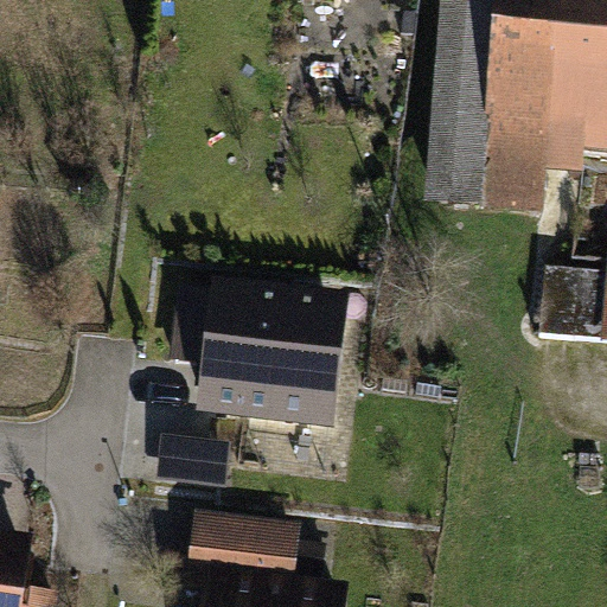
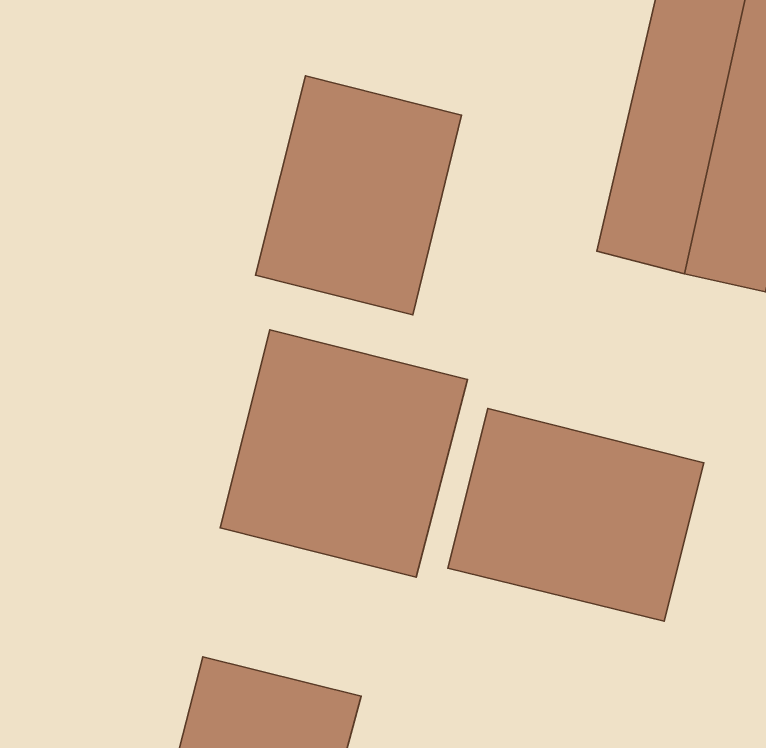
building: none -> [255,76,462,315]
building: none -> [448,409,704,621]

